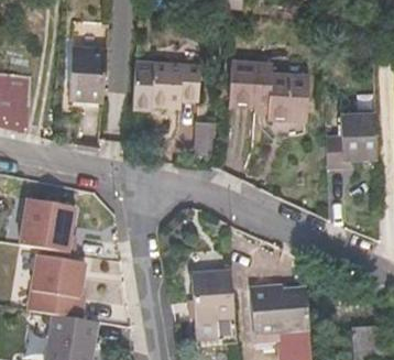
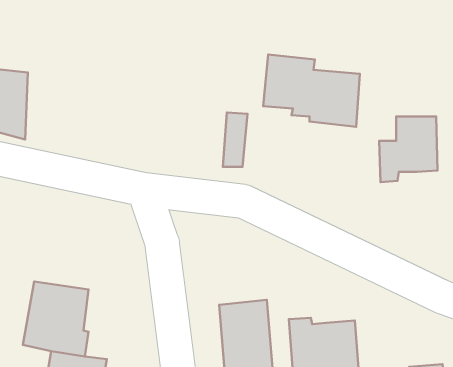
building: [70,48,107,101] -> none
building: [133,64,201,108] -> none
building: [19,197,76,252] -> none

